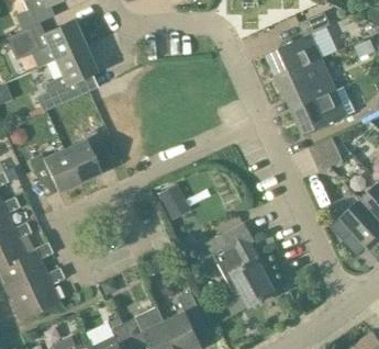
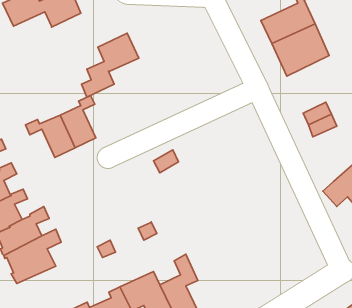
building: [38,46,97,111] -> [81,33,139,97]
building: [293,86,355,134] -> none
building: [207,222,276,306] -> none

